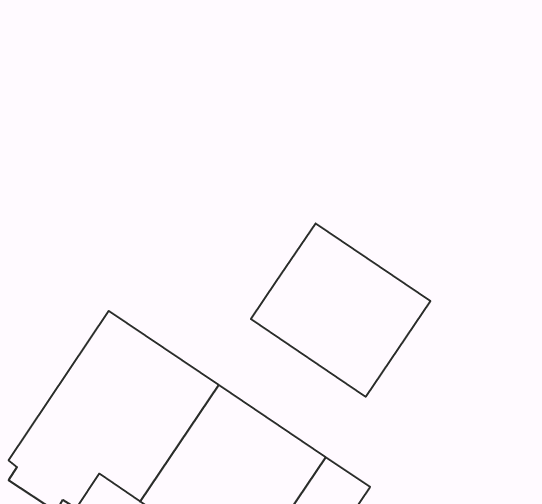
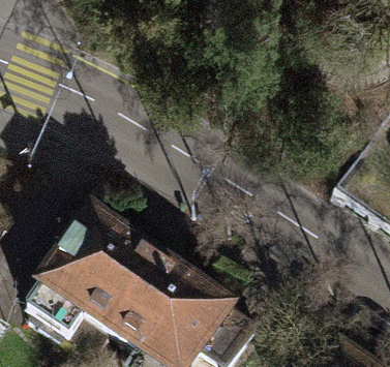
building: [251,223,430,397] -> none

